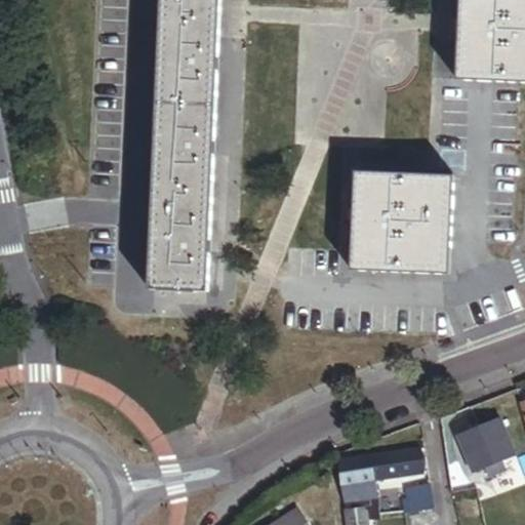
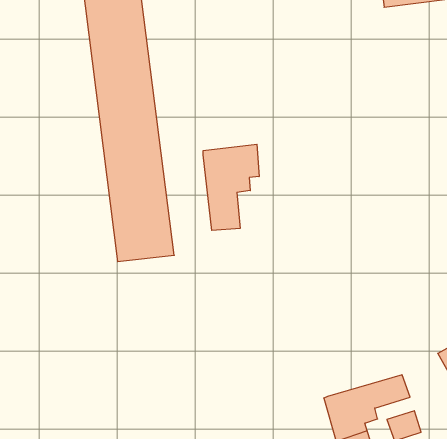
building: [351,171,451,273] -> none
building: none -> [203,144,259,230]

